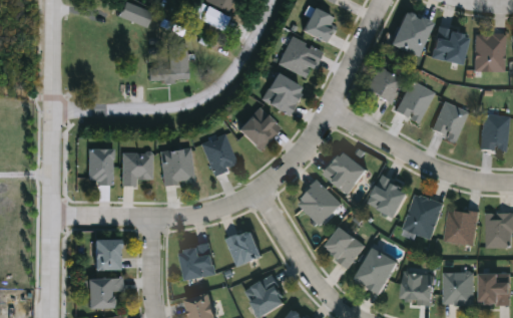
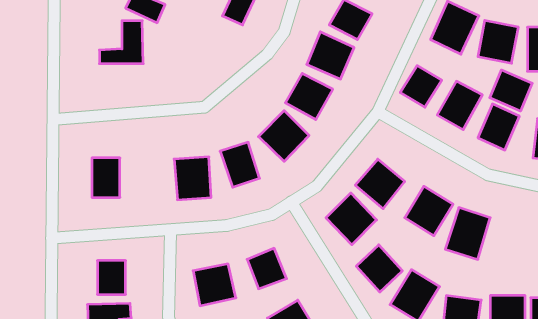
building: [150,41,189,79] -> [99,21,143,64]
building: none -> [490,70,532,111]
building: [123,152,154,185] -> none
building: [445,208,479,245] -> none

